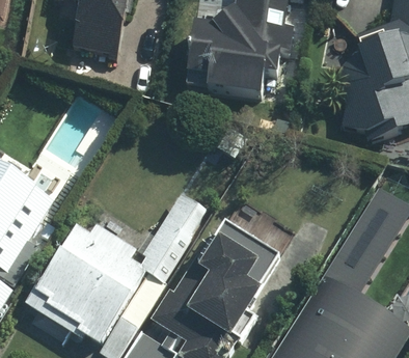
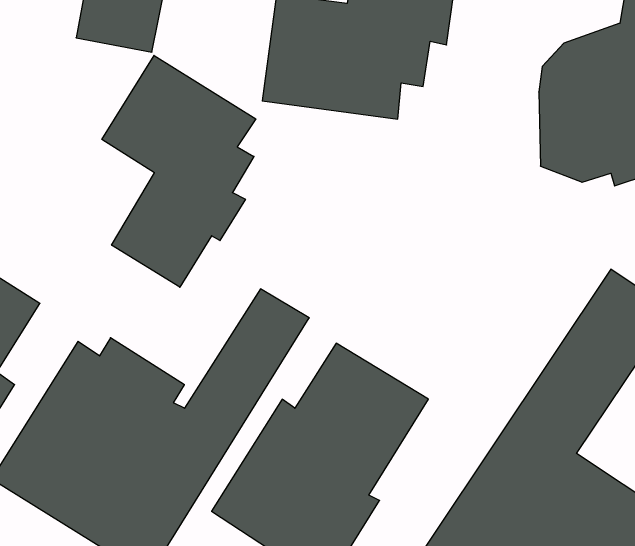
building: none -> [102,55,256,287]

